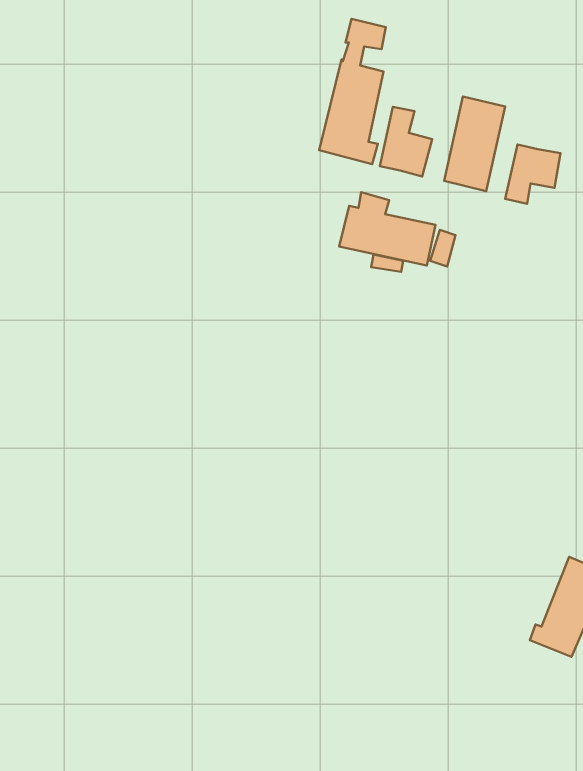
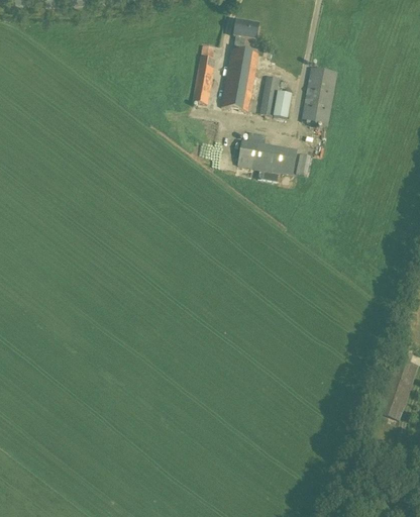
building: none -> [192,56,215,104]
building: [505,144,560,204] -> none

